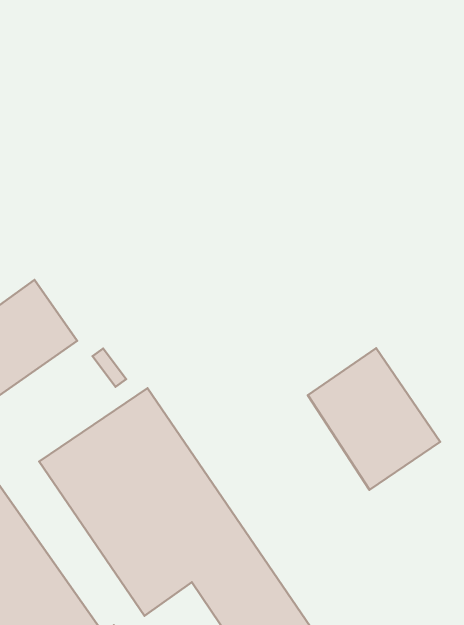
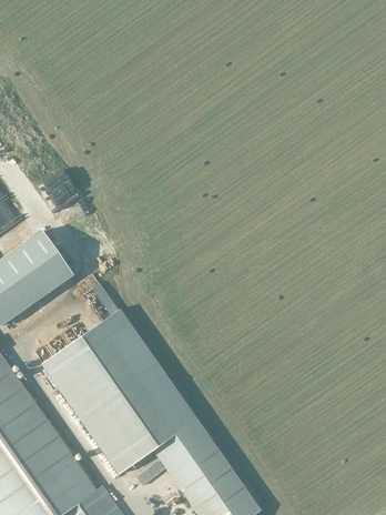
building: [308,348,440,490] -> none

